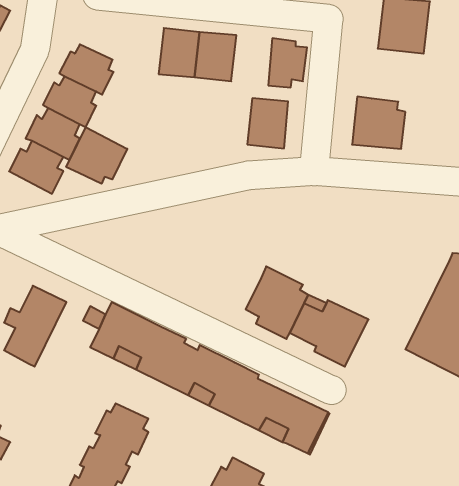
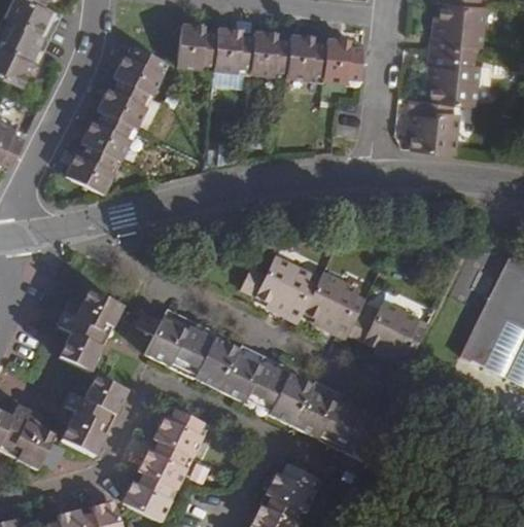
building: none -> [176,26,218,76]
building: none -> [427,50,480,105]
building: [247,98,288,148] -> [286,37,327,87]
building: [66,127,127,184] -> none
building: none -> [238,257,315,326]
building: none -> [61,372,126,453]

